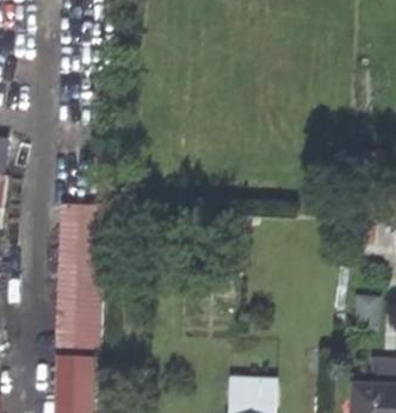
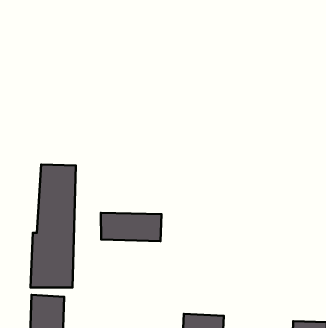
building: none -> [101,213,161,241]

